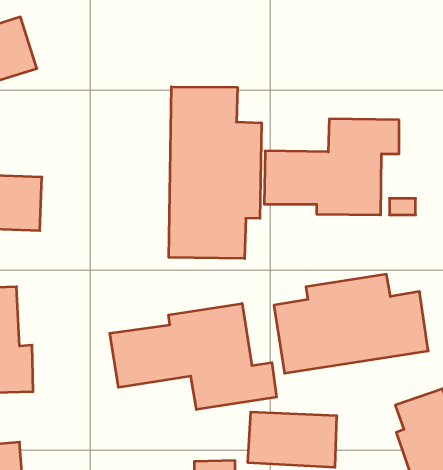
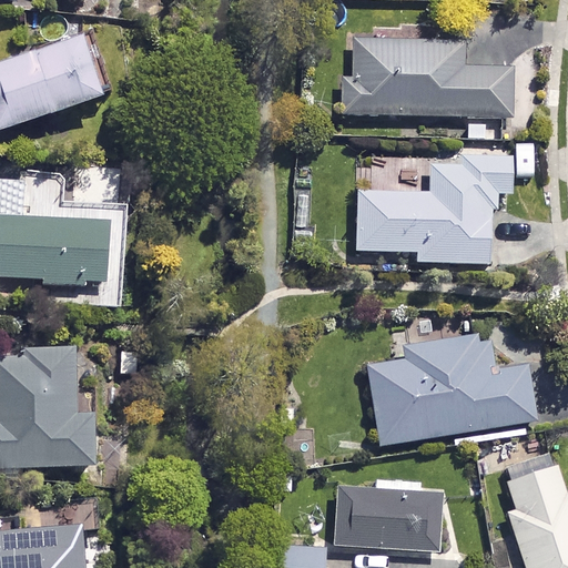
building: none -> [342,39,513,116]
building: [169,87,261,259] -> none
building: [110,303,277,410] -> none

